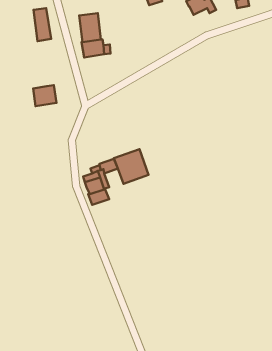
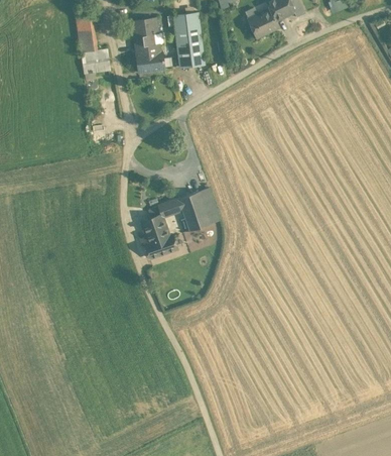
building: none -> [248,9,279,36]
building: none -> [173,12,205,67]
building: [33,85,56,106] -> [81,48,110,75]

